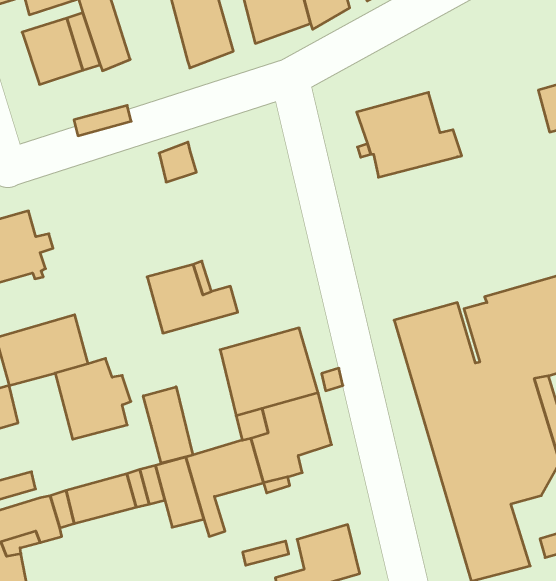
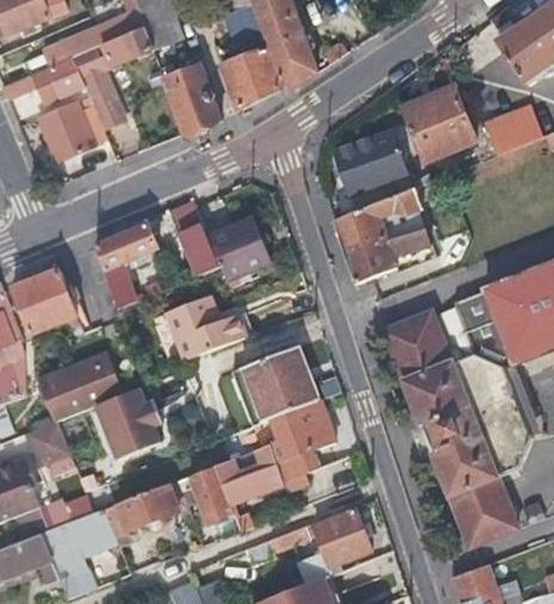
building: none -> [400,85,474,161]
building: none -> [336,187,431,285]
building: none -> [98,223,157,307]
building: none -> [175,222,217,278]
building: none -> [212,222,266,280]
building: [143,387,193,463] -> none

